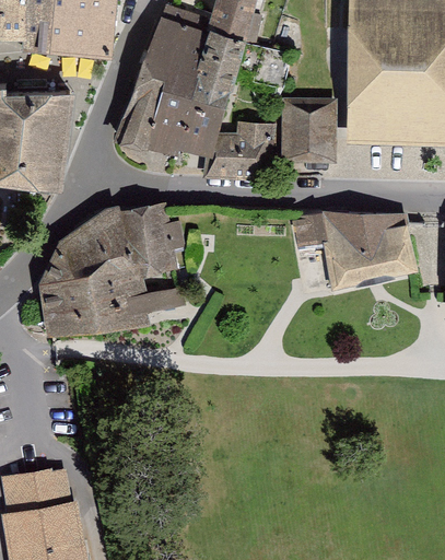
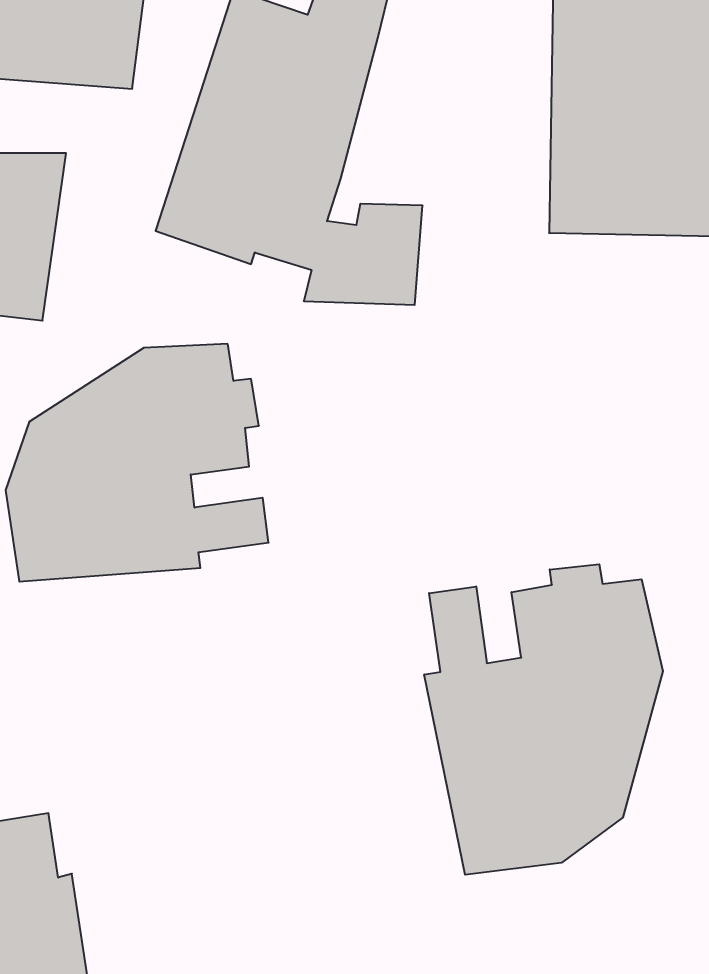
building: [282,100,335,162] -> none
building: [293,212,417,288] -> none
building: none -> [424,564,663,875]

